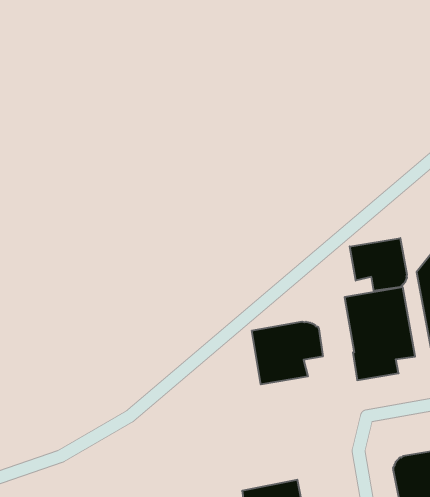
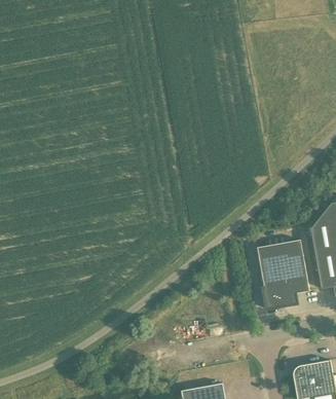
building: [350,238,407,291] -> none
building: [252,322,323,384] -> none

